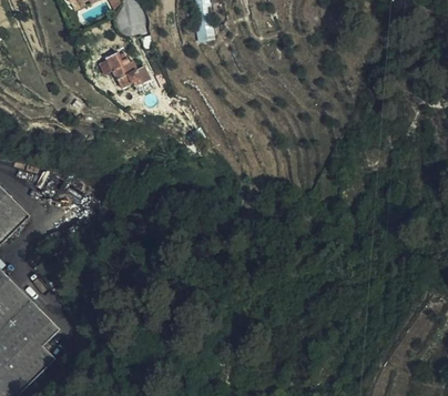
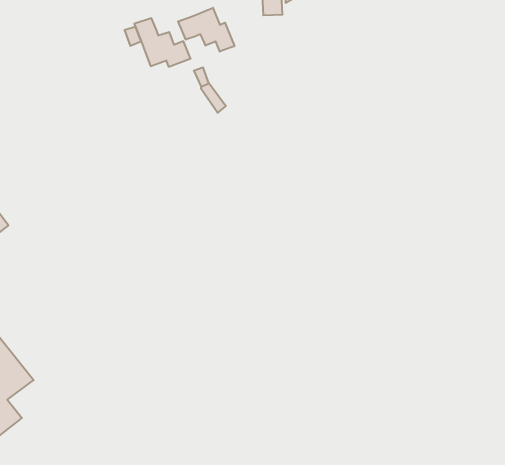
building: none -> [178,8,234,52]

